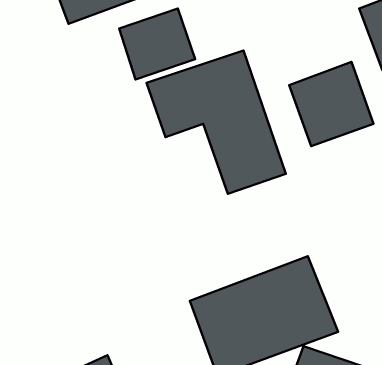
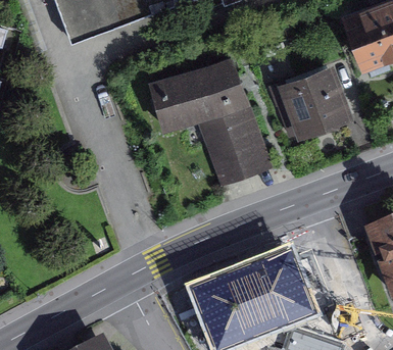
building: [119,9,195,79] -> none

